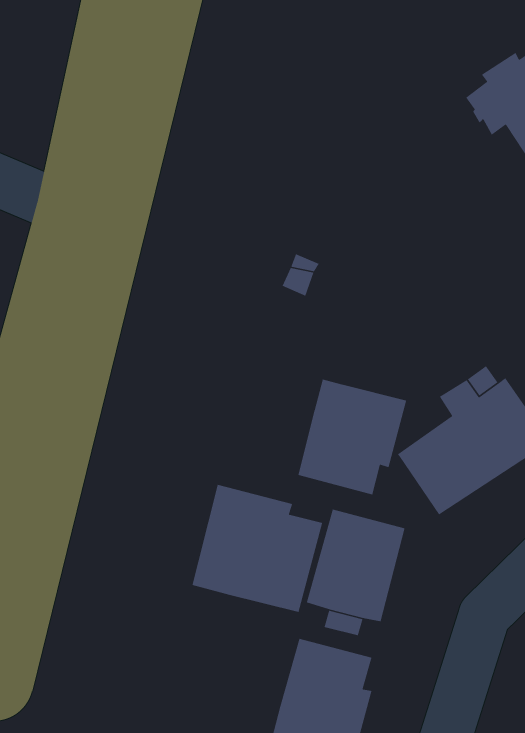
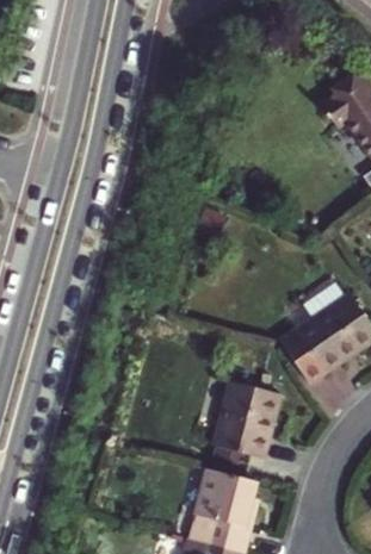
building: [298,379,407,496] -> none
building: [191,484,323,613] -> none

